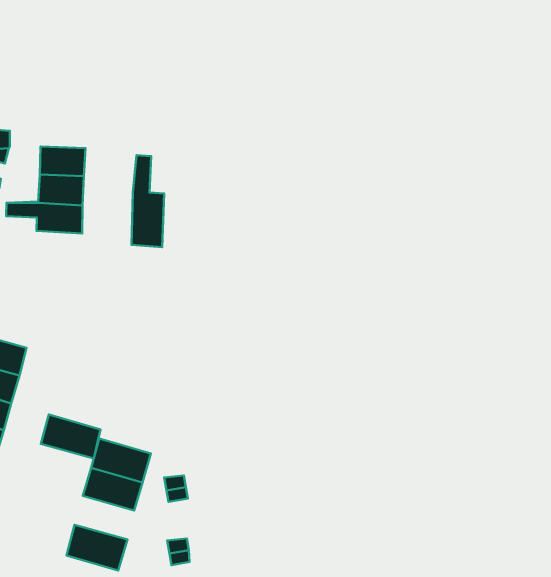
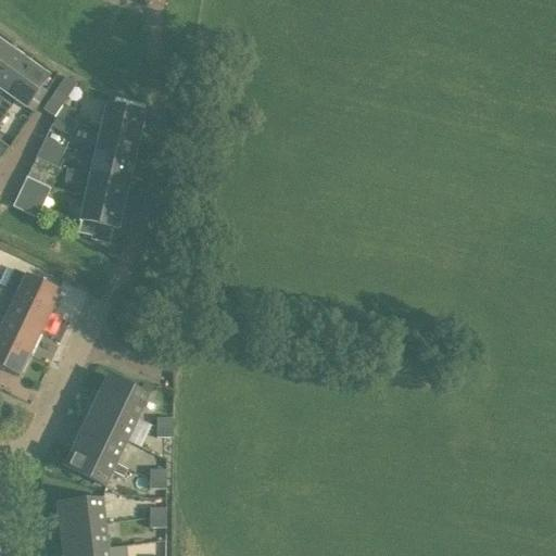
building: none -> [102,102,144,134]
building: [131,155,164,247] -> none
building: none -> [78,194,124,242]
building: [41,414,101,458] -> [76,418,127,460]

